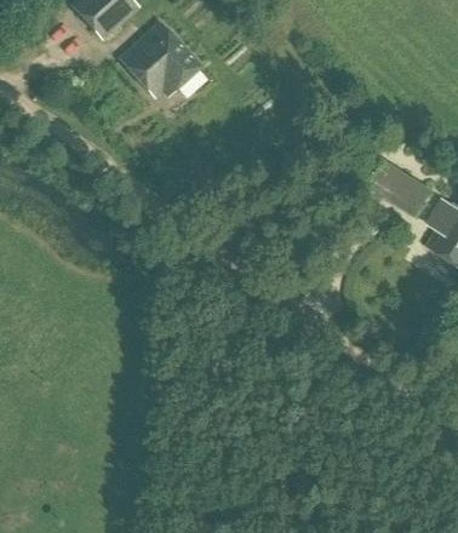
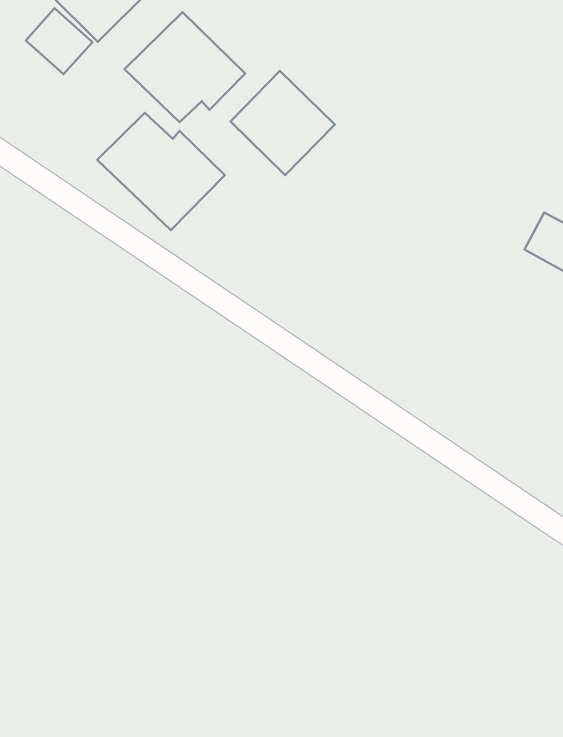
building: none -> [230,71,335,175]
building: none -> [97,113,225,230]

